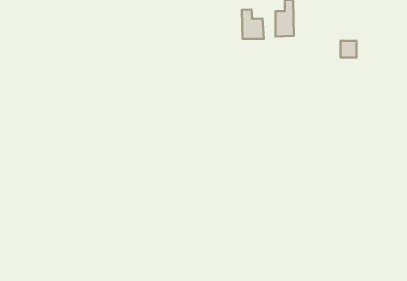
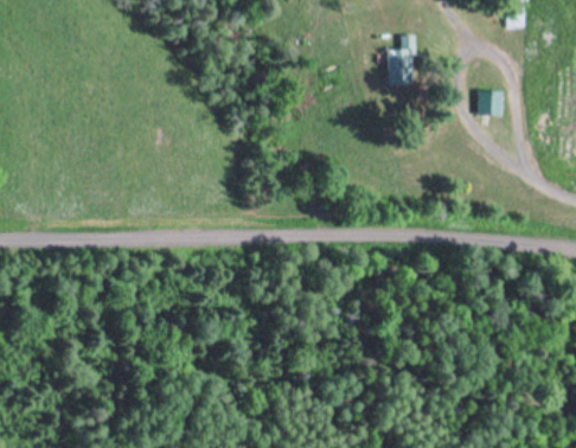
building: [242,10,264,39] -> none

